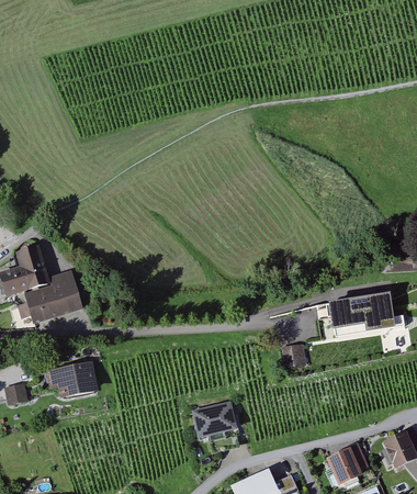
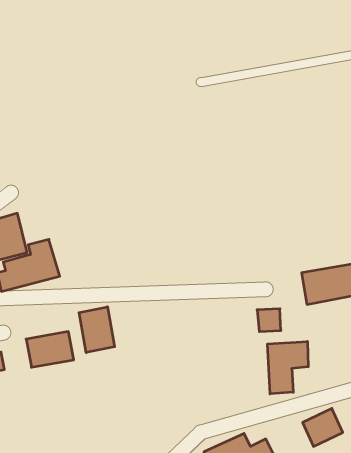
building: none -> [79,307,115,353]
building: none -> [268,341,308,394]
building: [192,403,236,436] -> none

